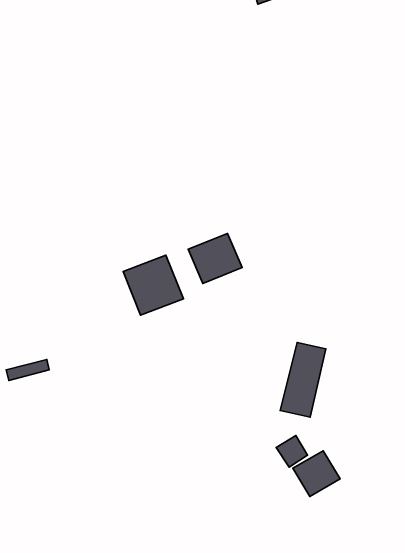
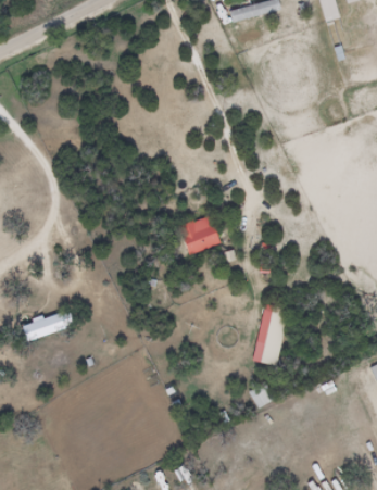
building: [123,255,183,315] -> none
building: [293,451,340,496] -> none

